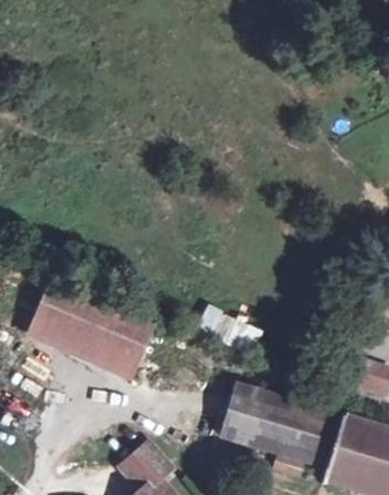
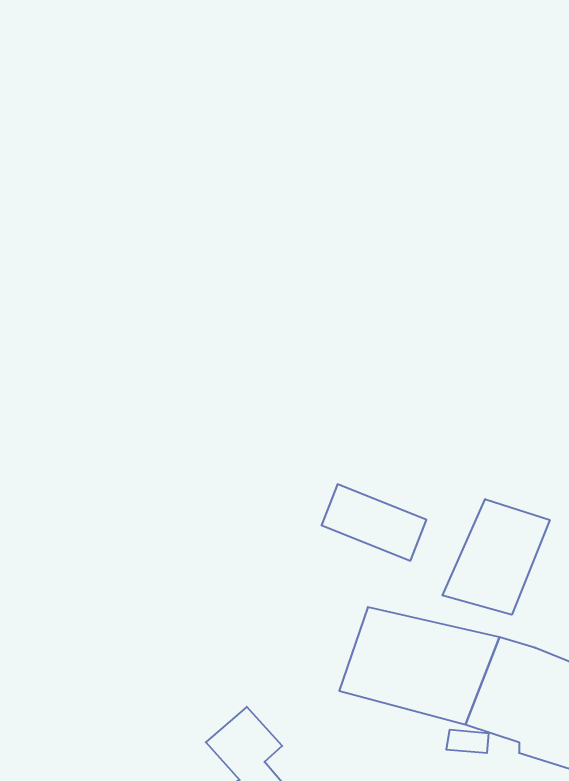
building: [29,289,150,374] -> none
building: none -> [443,499,550,615]

